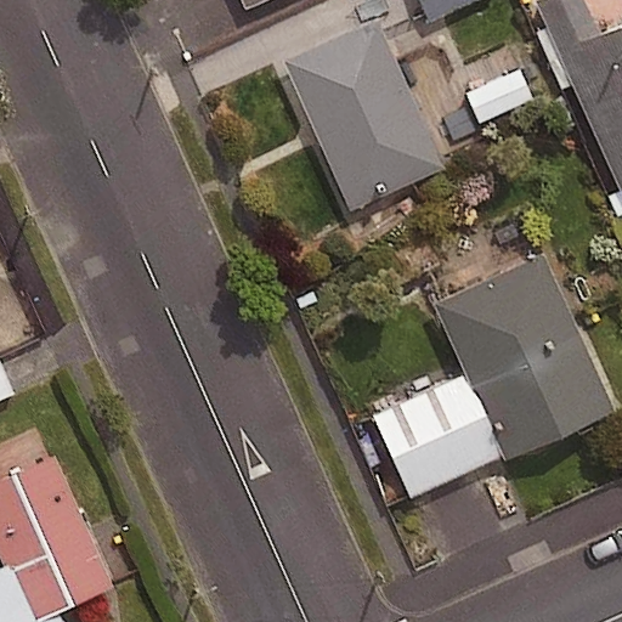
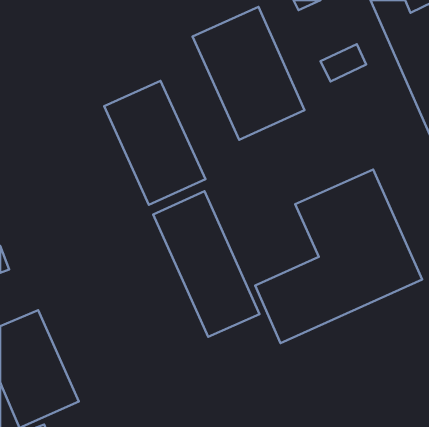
building: none -> [104,81,206,205]
building: none -> [153,191,259,337]

